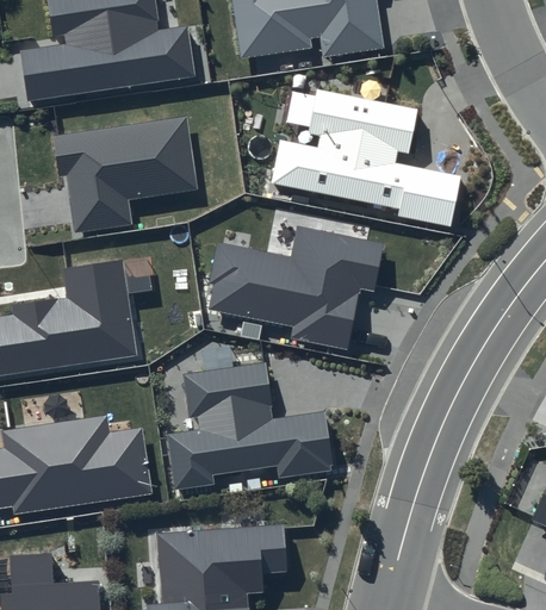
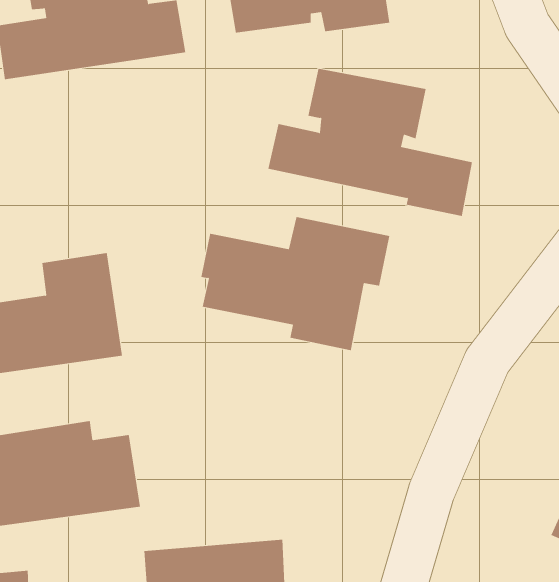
building: [54,116,198,232] -> none
building: [167,362,333,491] -> none

